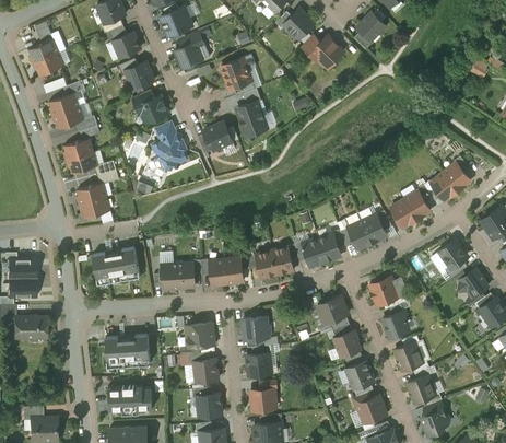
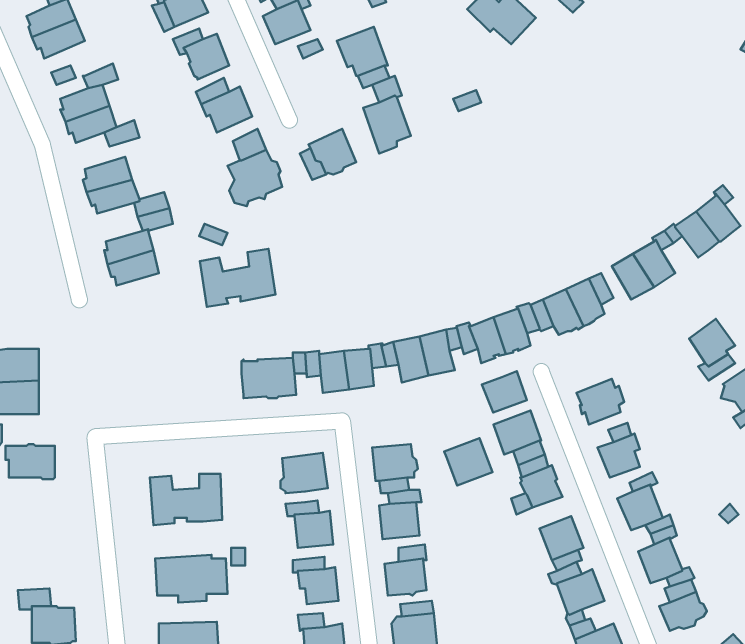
building: [93,248,140,284] -> [200,249,276,307]
building: none -> [482,371,527,412]
building: none -> [444,438,493,486]

